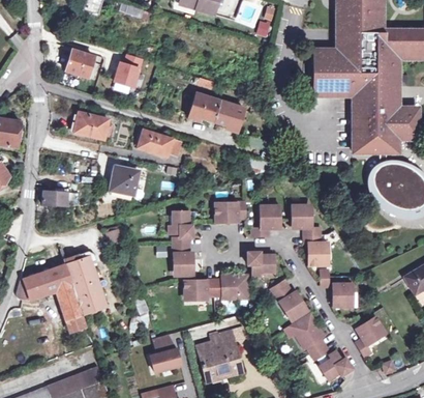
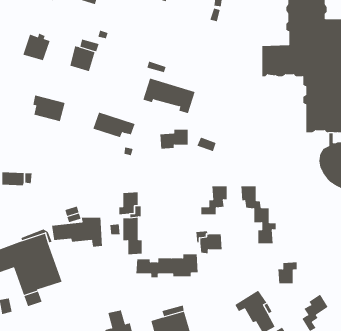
building: [111,166,140,195] -> none
building: [211,203,241,224] -> [159,129,188,149]
building: none -> [52,217,103,248]
building: [270,283,305,321] -> none

